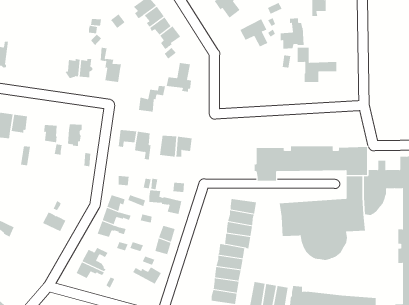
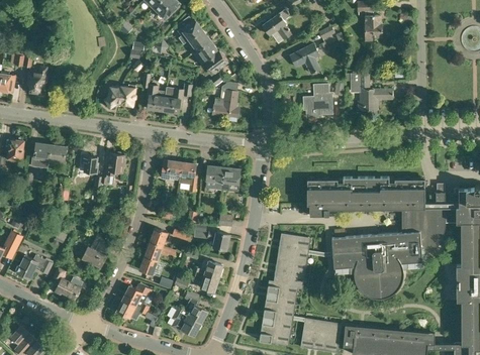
building: [280,18,305,49] -> [303,84,329,117]
building: [138,85,166,112] -> [162,85,191,113]
building: none -> [53,268,82,299]
building: none -> [171,311,200,336]

